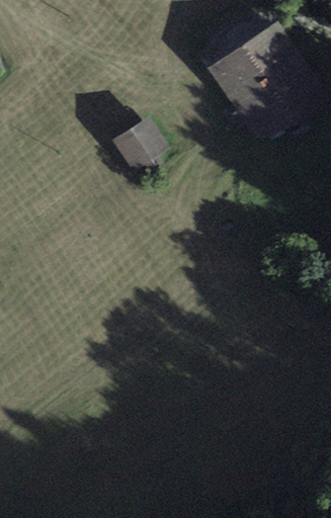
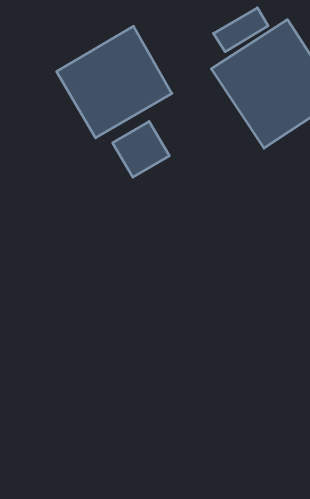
building: none -> [57,26,172,138]

